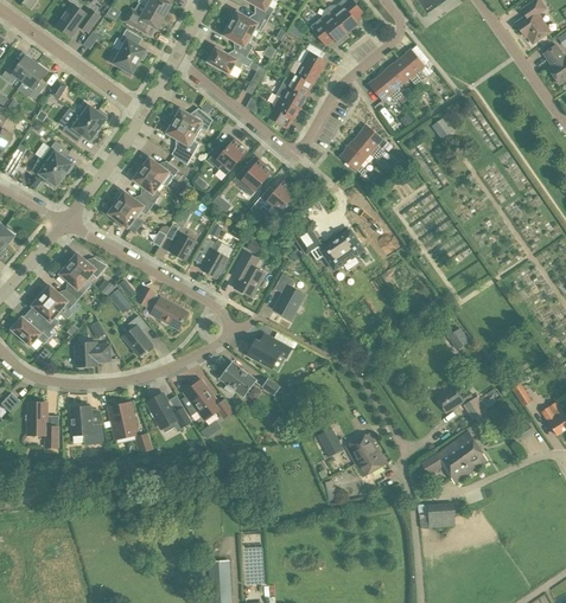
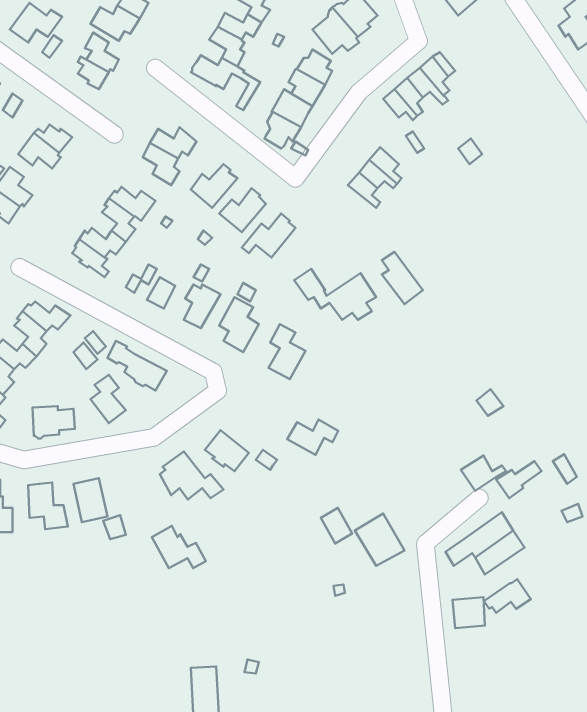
building: [247,338,290,367] -> [287,419,338,455]
building: [146,392,191,428] -> [152,526,206,568]
building: none -> [484,579,531,613]

